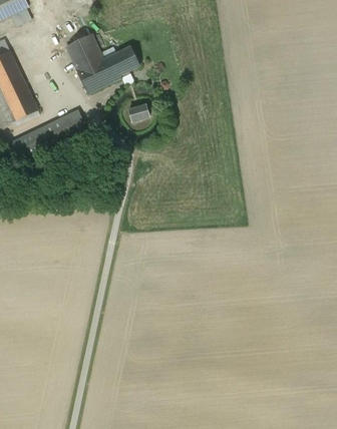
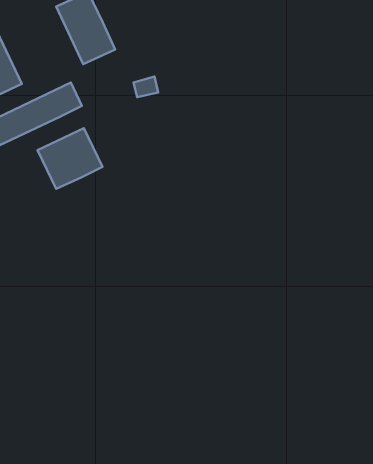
building: [105,46,140,81] -> none
building: none -> [38,128,102,189]

